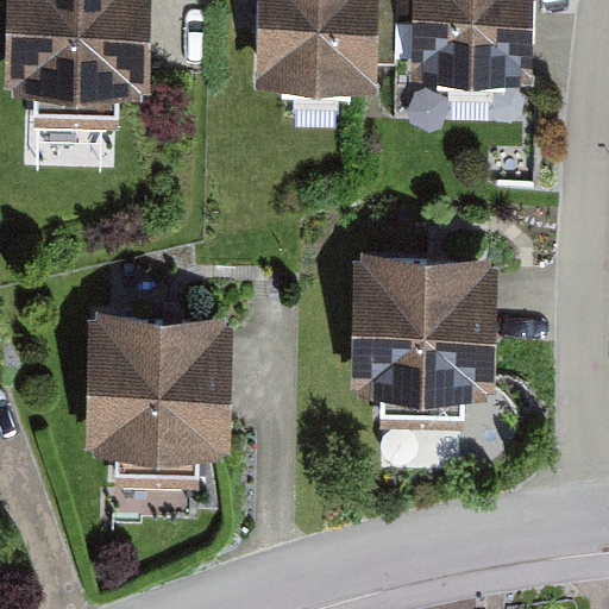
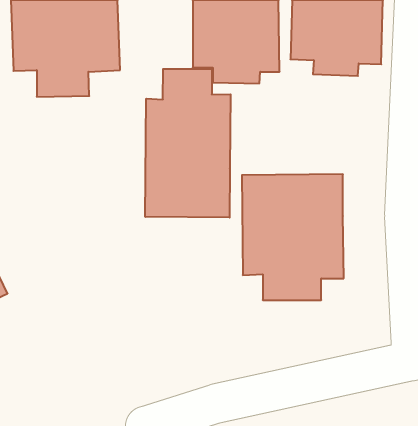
building: none -> [145,69,231,218]
building: [74,316,221,498] -> none

